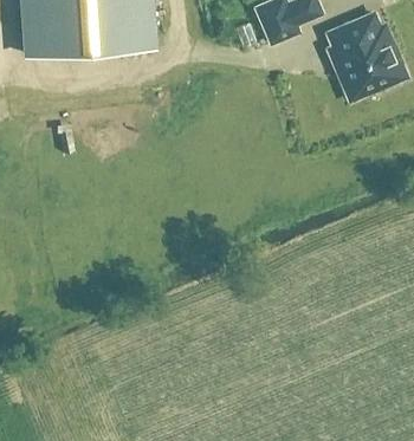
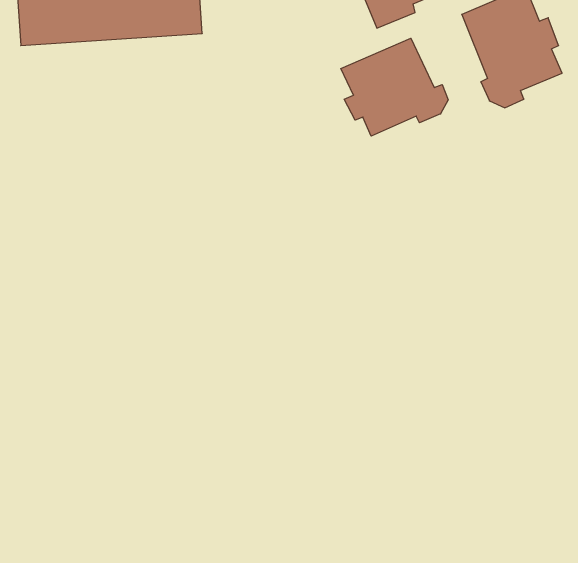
building: none -> [341,38,448,136]

